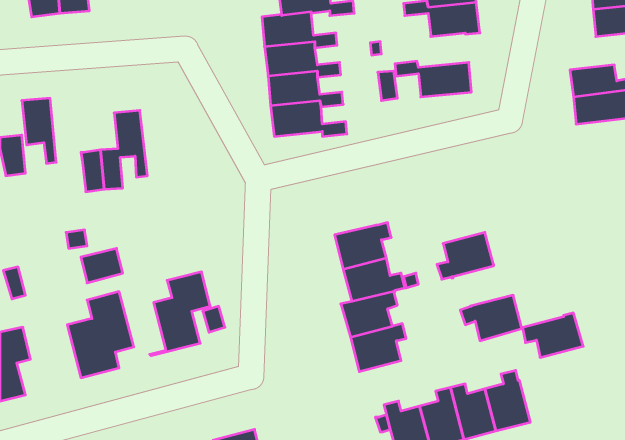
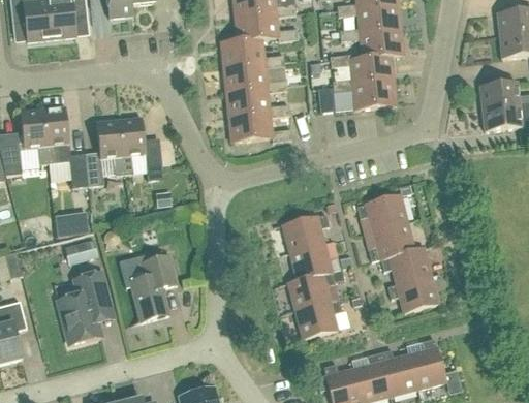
building: none -> [330,54,394,84]
building: none -> [42,106,70,163]
building: none -> [118,117,162,180]
building: none -> [356,194,407,231]
building: [522,313,583,357] -> [379,247,431,284]

